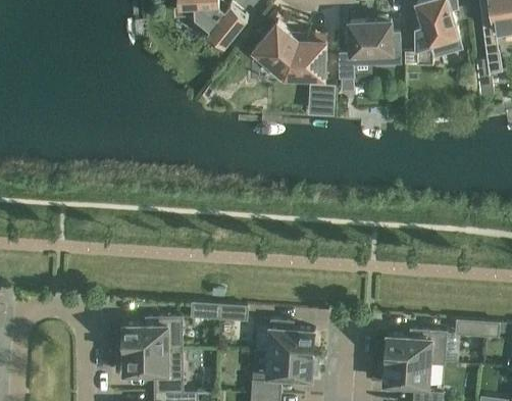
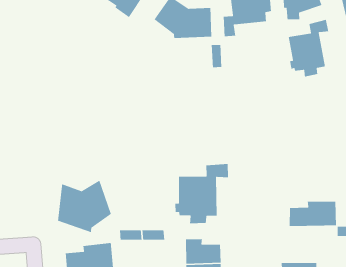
building: none -> [288,19,329,77]
building: none -> [175,163,229,224]
building: none -> [57,179,112,233]
building: [385,330,445,363] -> [289,201,337,227]

